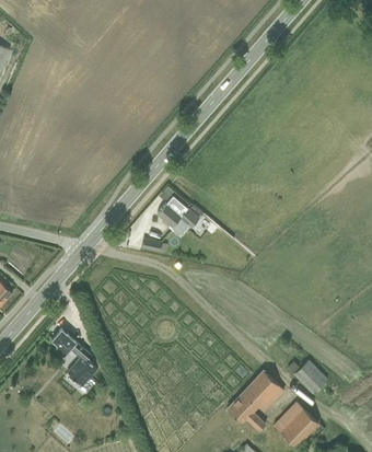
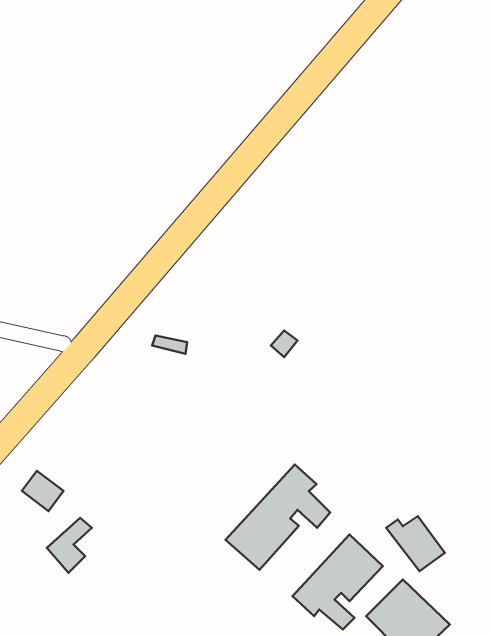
building: [156,195,198,228] -> none
building: none -> [226,465,330,570]

